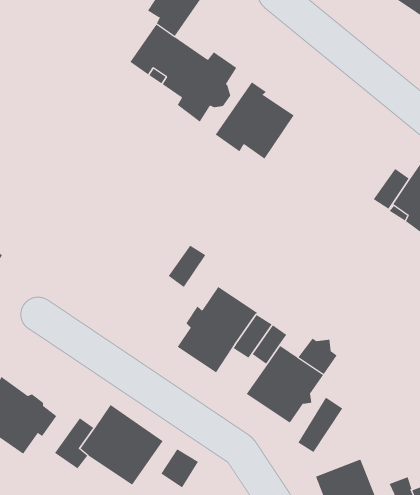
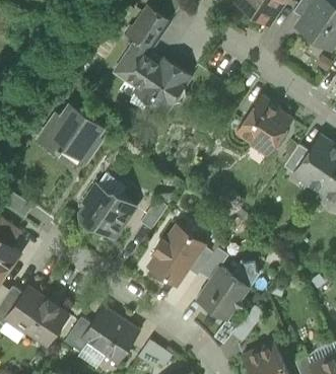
building: [215,81,294,160] -> [237,96,291,150]
building: none -> [40,105,103,161]
building: none -> [80,185,135,237]

